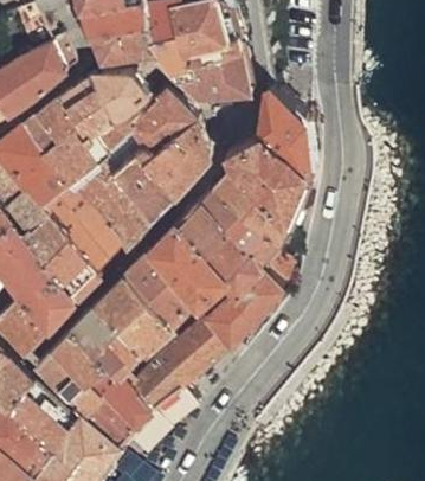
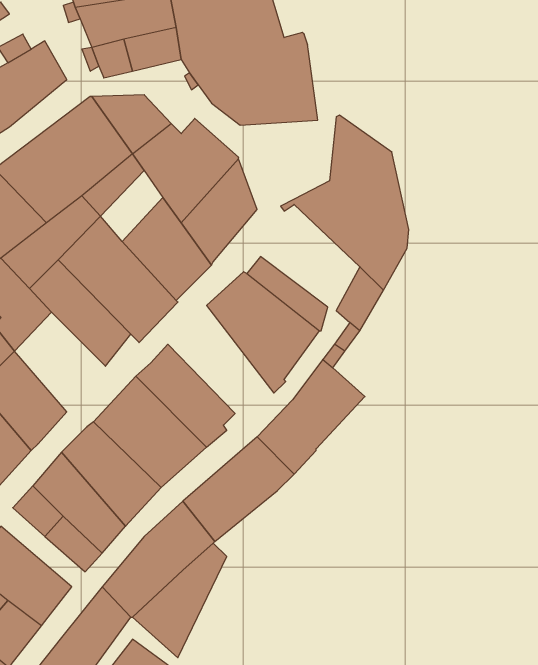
building: [210,165,268,226] -> none
building: [144,225,219,307] -> none
building: [37,230,104,300] -> none

